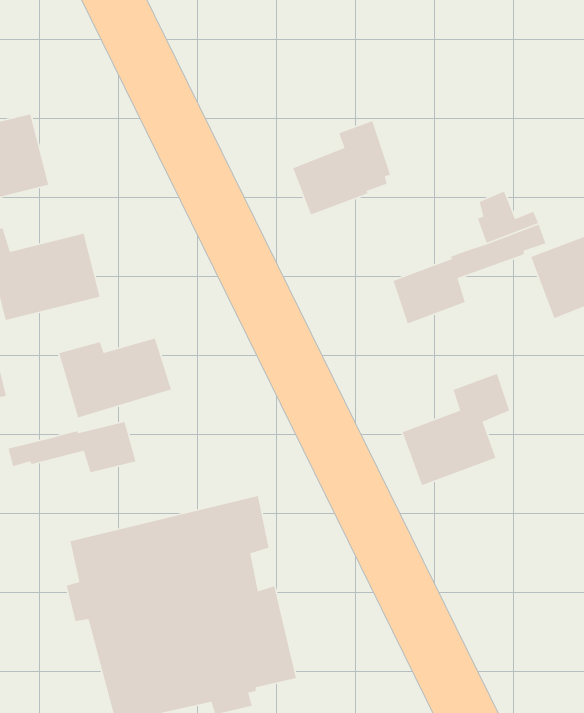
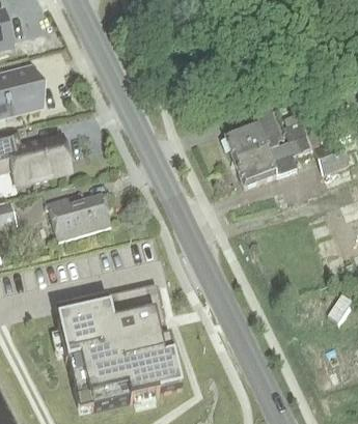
building: [292,120,391,215] -> [226,107,282,161]
building: [401,373,510,486] -> none
building: [8,421,136,473] -> none

